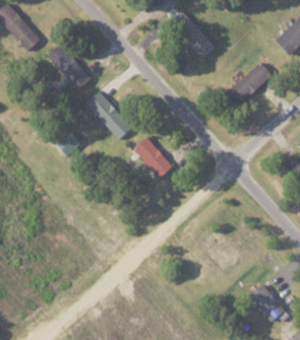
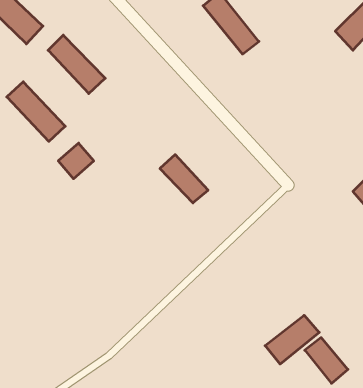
building: [228,63,274,104] -> none
building: [85,91,132,139] -> [7,82,65,141]
building: none -> [265,315,319,364]

